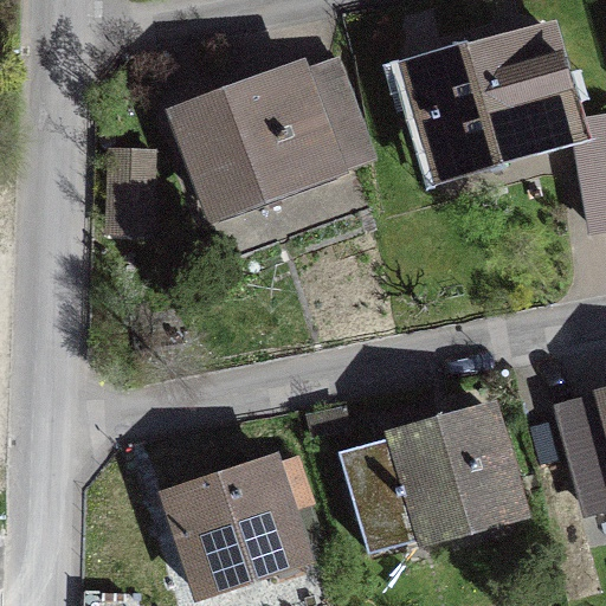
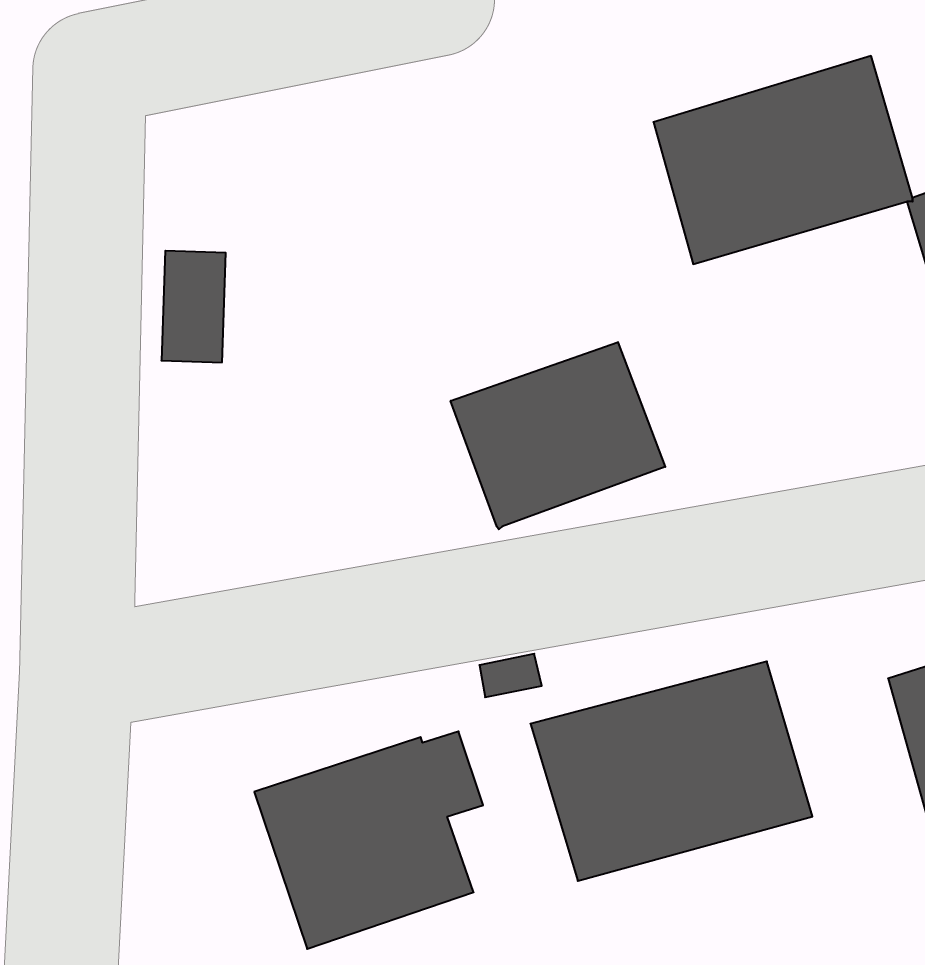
building: [179,60,368,211] -> none
building: none -> [451,342,665,529]

